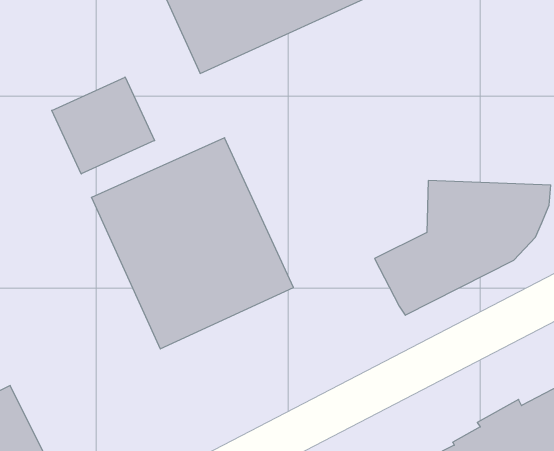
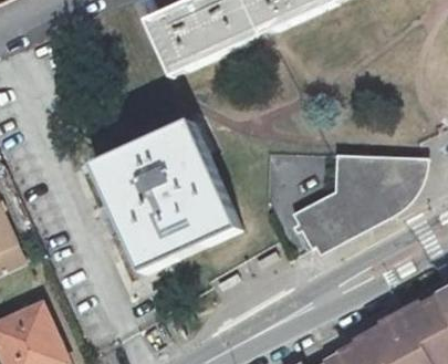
building: [52,77,155,174] -> none

